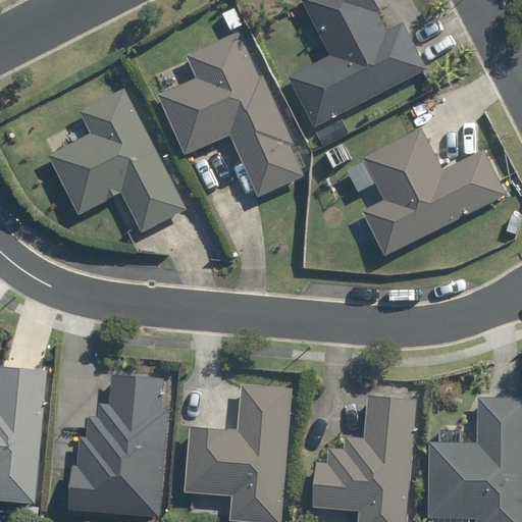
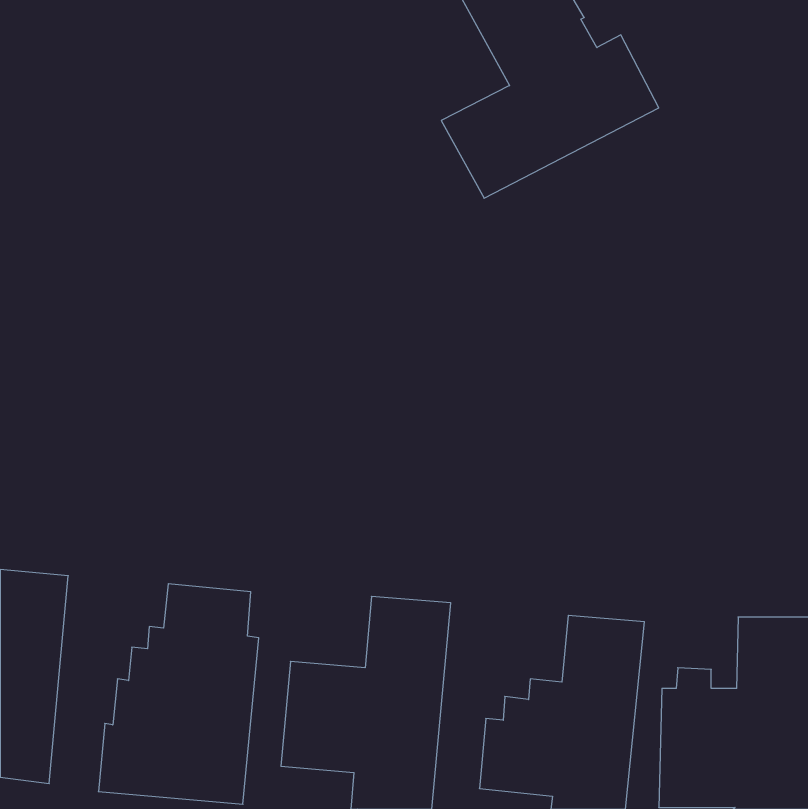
building: [155,32,303,197] -> none
building: [46,89,186,232] -> none
building: [360,127,506,257] -> none

